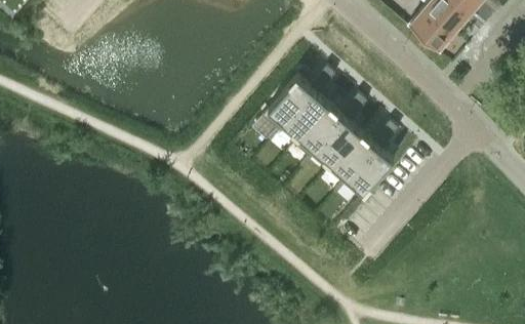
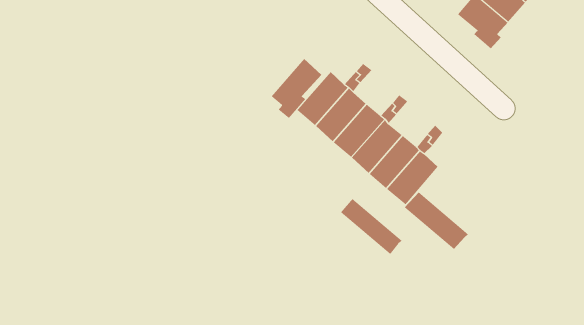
building: none -> [271,58,322,119]
building: none -> [404,192,469,250]
building: none -> [340,198,402,255]

